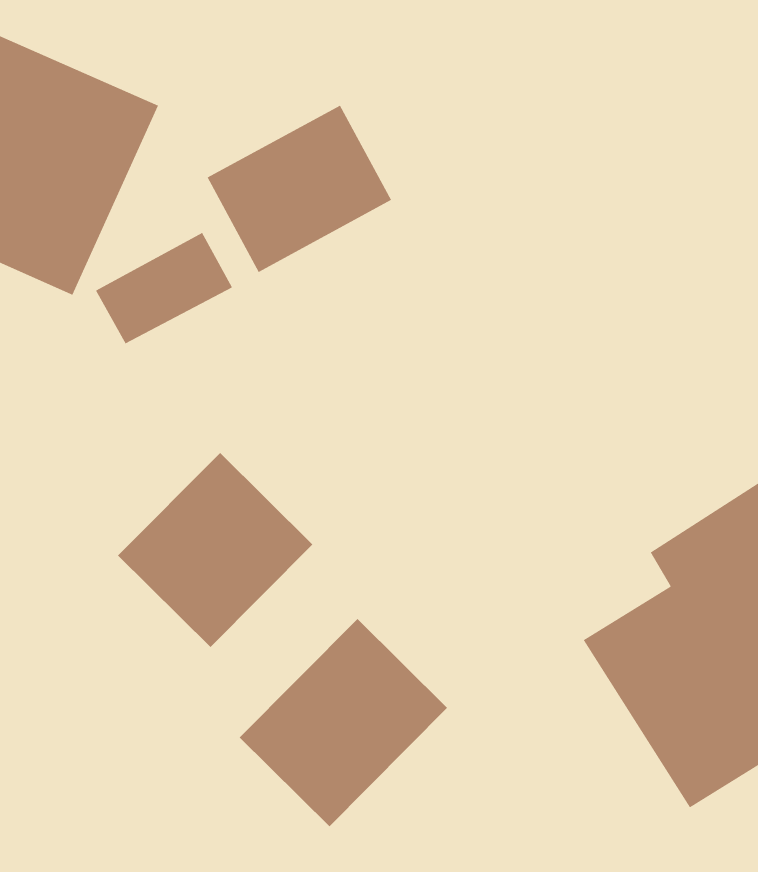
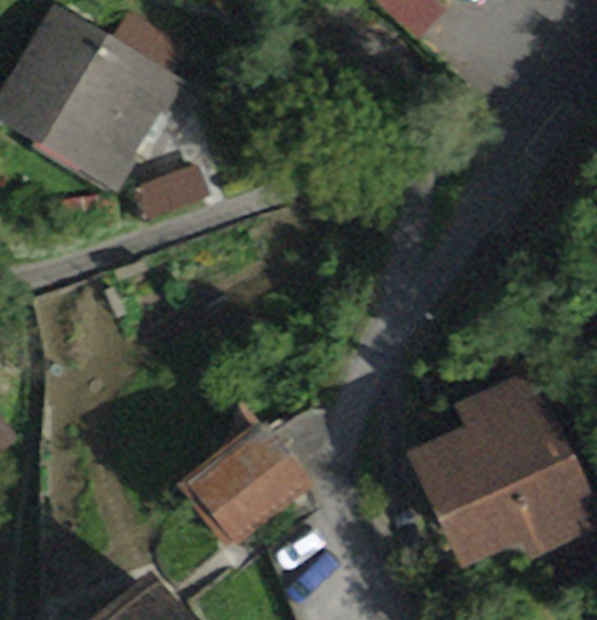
building: [207,105,392,273] -> none
building: [117,452,313,648] -> none

